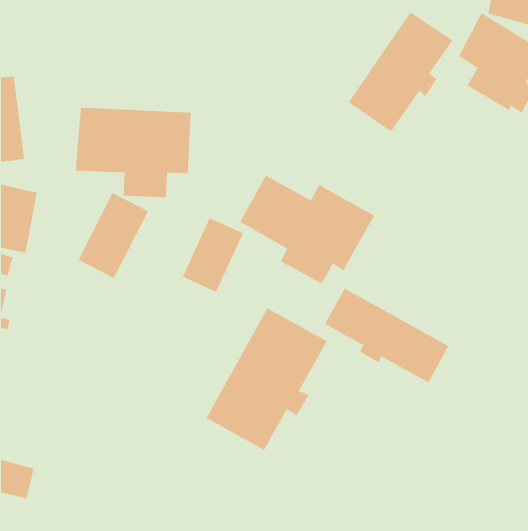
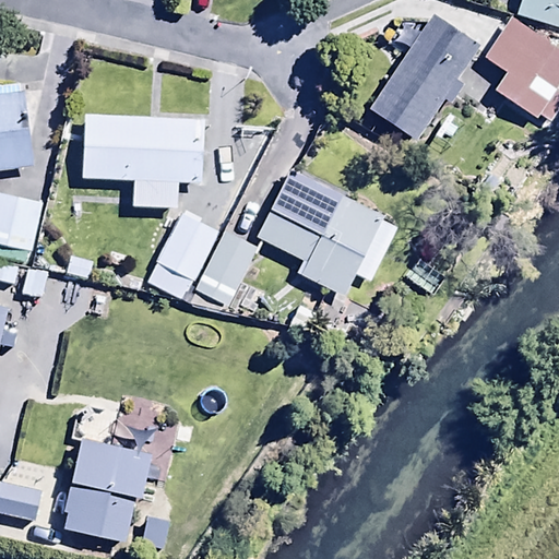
building: [78,192,149,279] -> [146,211,221,301]
building: [324,288,449,383] -> none
building: [206,308,327,451] -> none
building: none -> [62,436,150,542]

